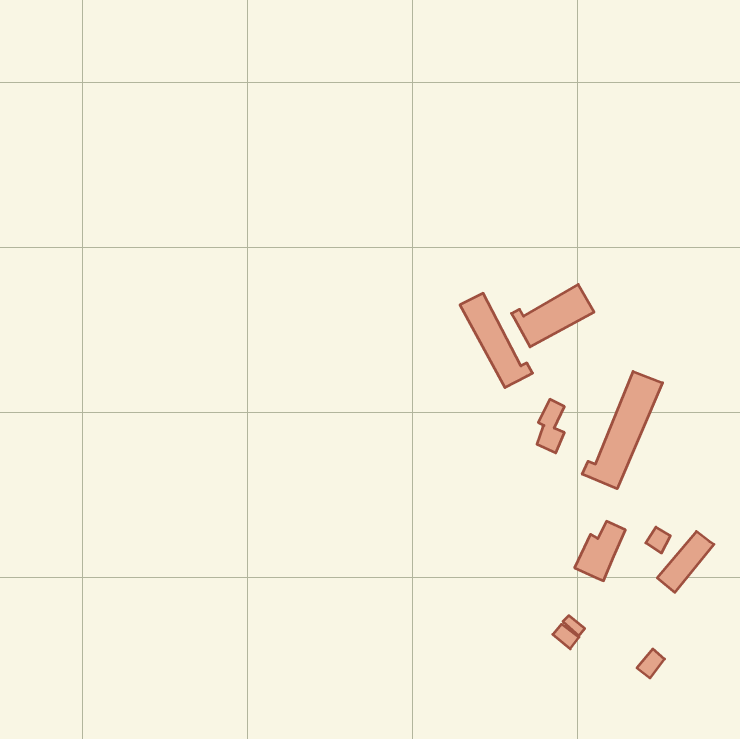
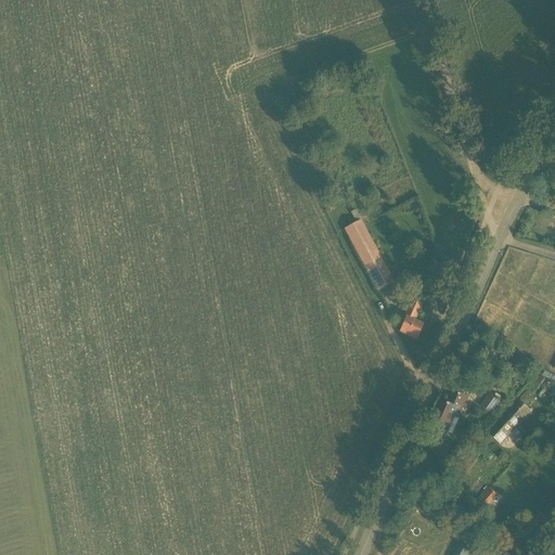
building: [511,284,594,347] -> none
building: [582,371,663,489] -> none

